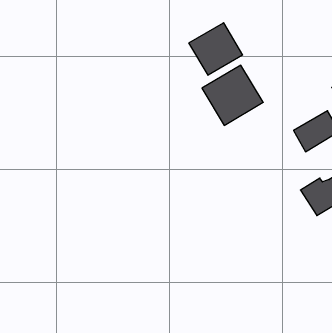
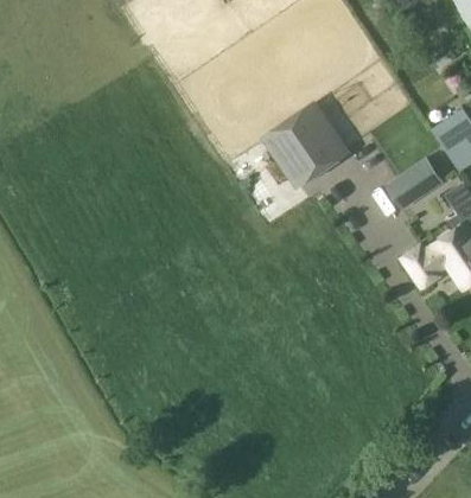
building: [189,23,243,75] -> none

